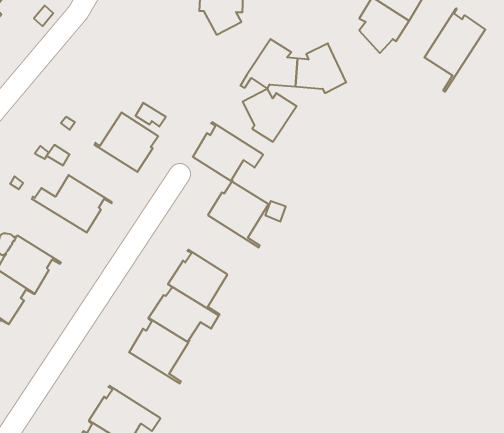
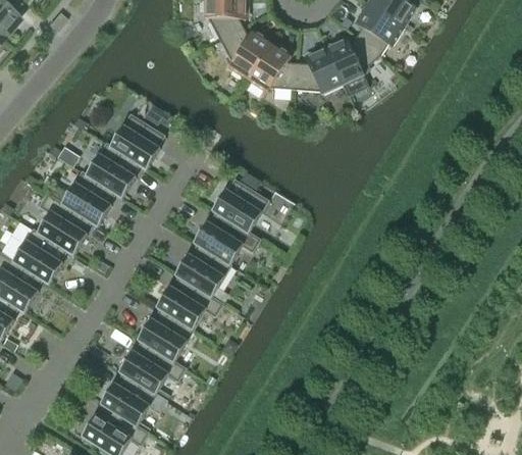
building: [424,8,485,92] -> none
building: none -> [325,35,374,84]
building: [243,89,297,142] -> [220,27,271,77]
building: [193,122,263,182] -> [194,209,260,265]
building: none -> [81,143,146,197]
building: none -> [33,194,98,254]
building: none -> [119,339,186,401]

